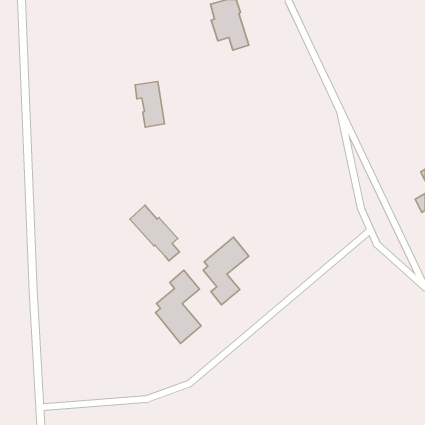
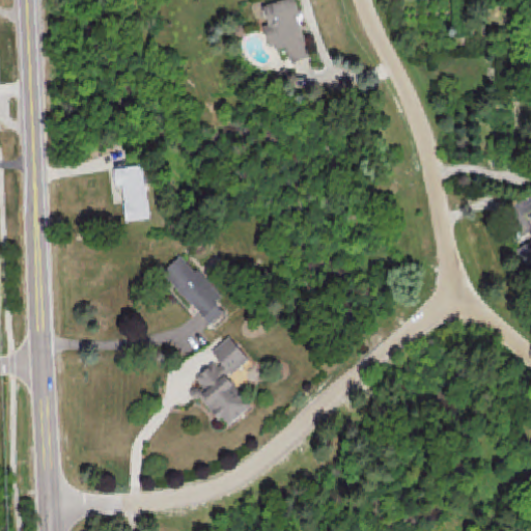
building: [135,81,164,127] -> [114,165,150,222]
building: [203,237,249,305] -> none

